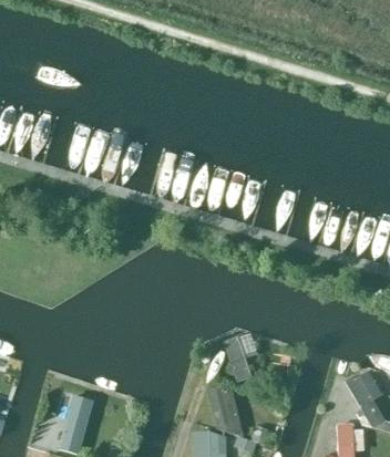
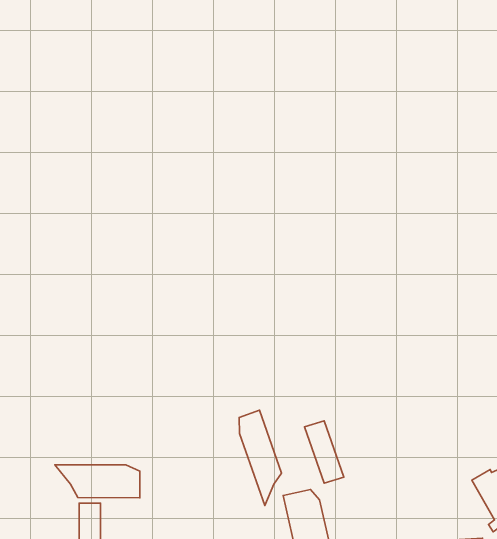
building: none -> [239,410,281,505]
building: none -> [55,465,140,498]

